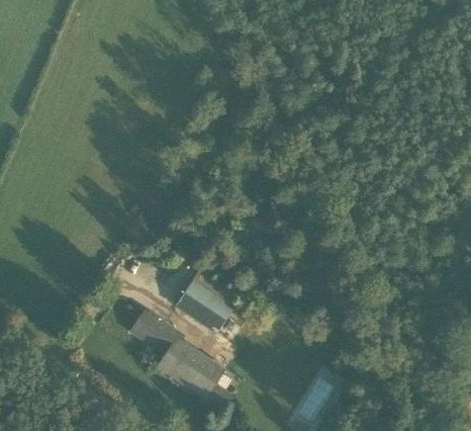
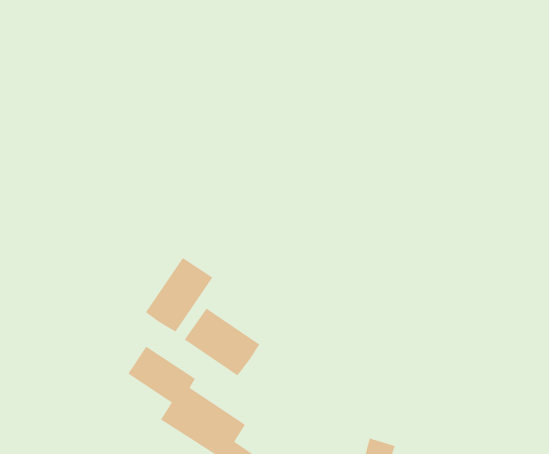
building: none -> [145,257,213,333]

